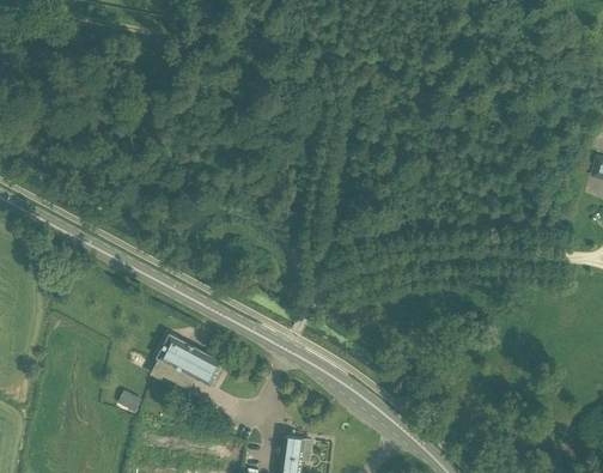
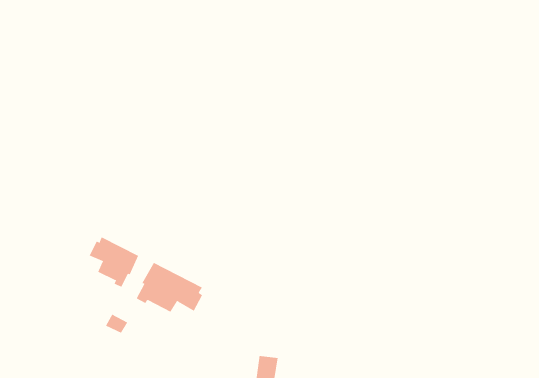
building: none -> [89,237,139,288]

